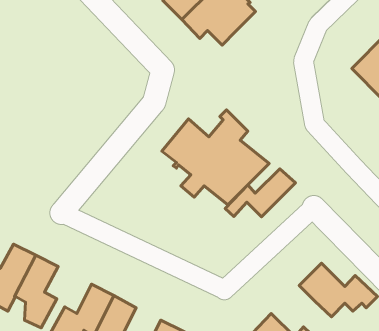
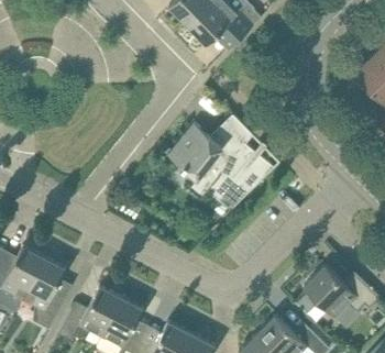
building: [225,169,295,217] -> none

